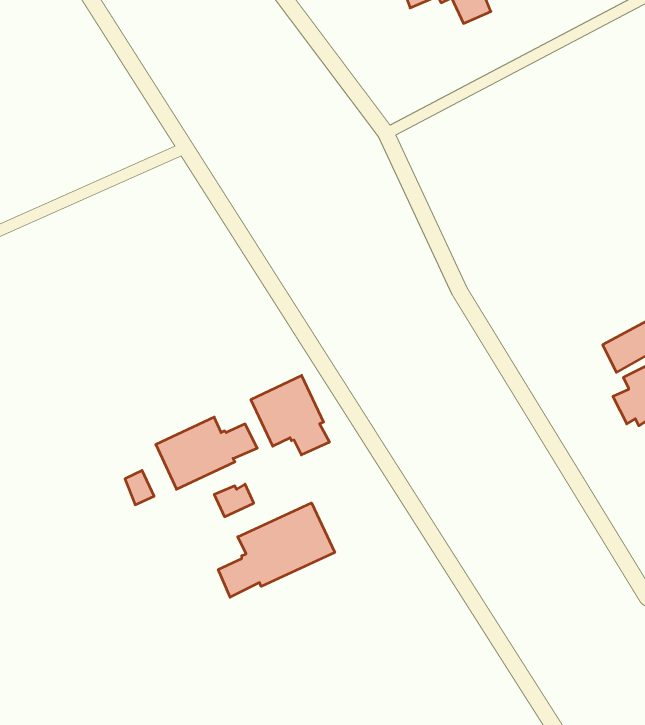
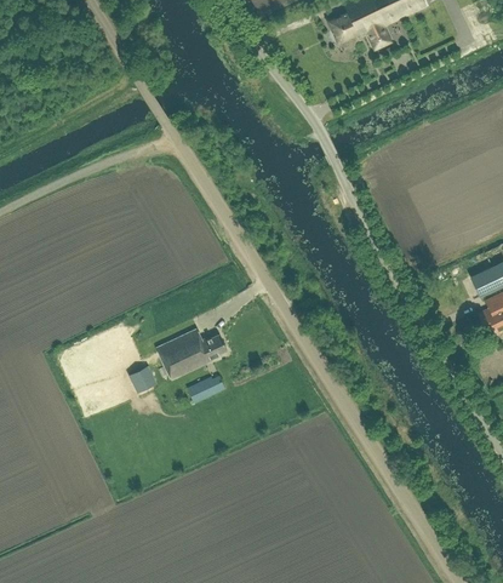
building: [251,375,329,455] -> none
building: [218,503,335,597] -> none

